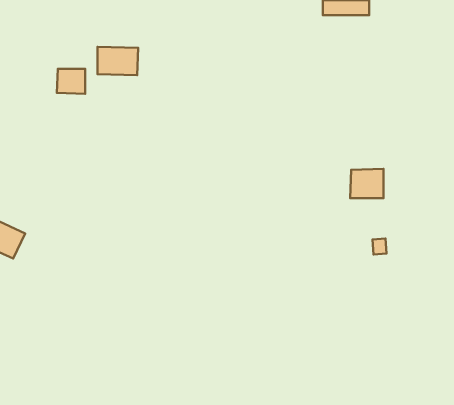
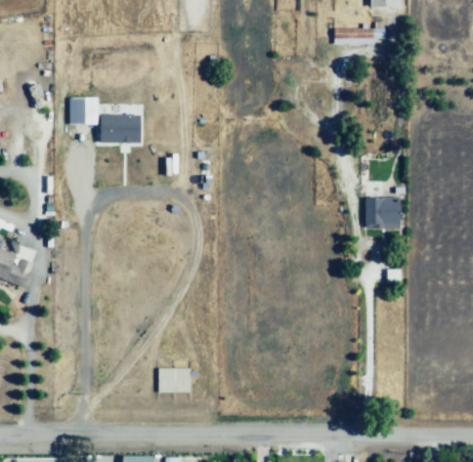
building: [98,47,138,75] -> [98,114,139,142]
building: none -> [157,367,189,392]

